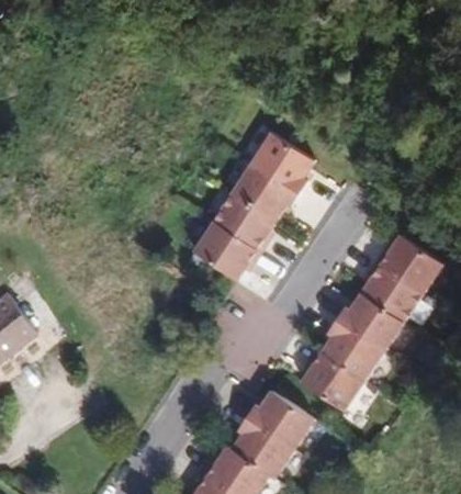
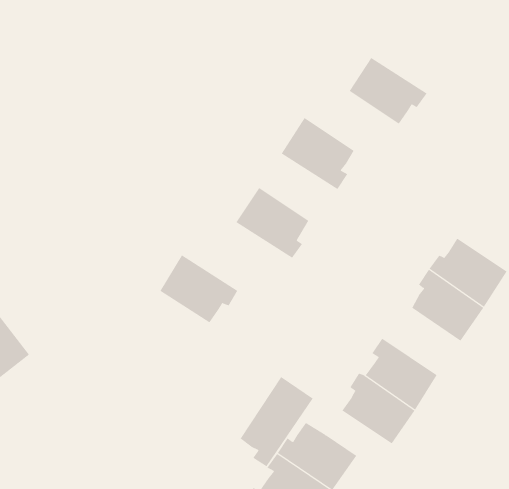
building: [232,164,299,221] -> [349,57,428,125]
building: [193,222,260,280] -> [159,254,238,323]
building: [336,294,403,351] -> none
building: none -> [240,376,314,467]

